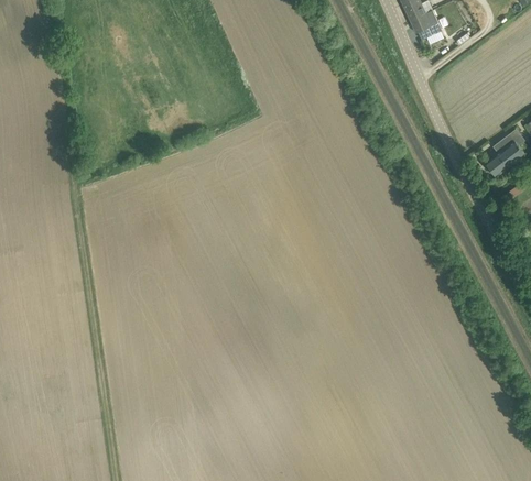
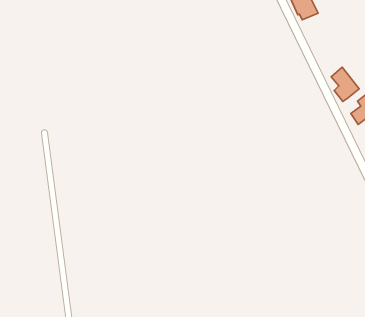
building: none -> [331,67,359,102]

